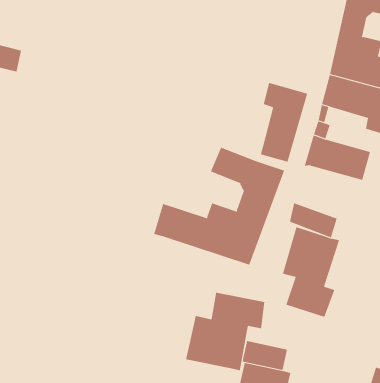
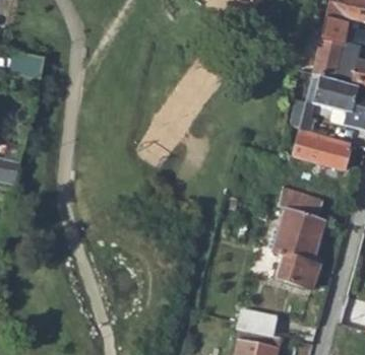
building: [260,82,308,163] -> none
building: [153,147,285,265] -> none
building: [186,292,265,371] -> none

